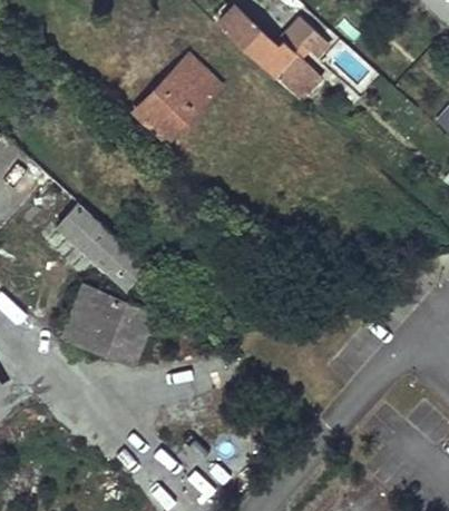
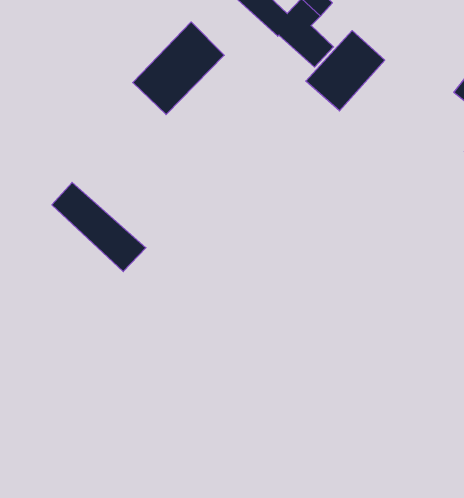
building: none -> [306,31,385,111]
building: [68,287,153,362] -> none

